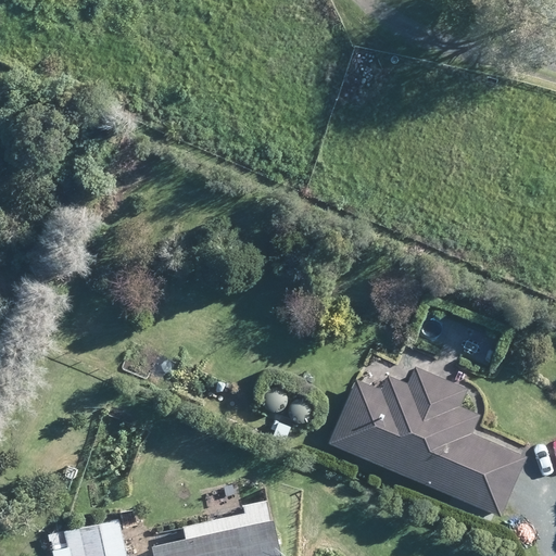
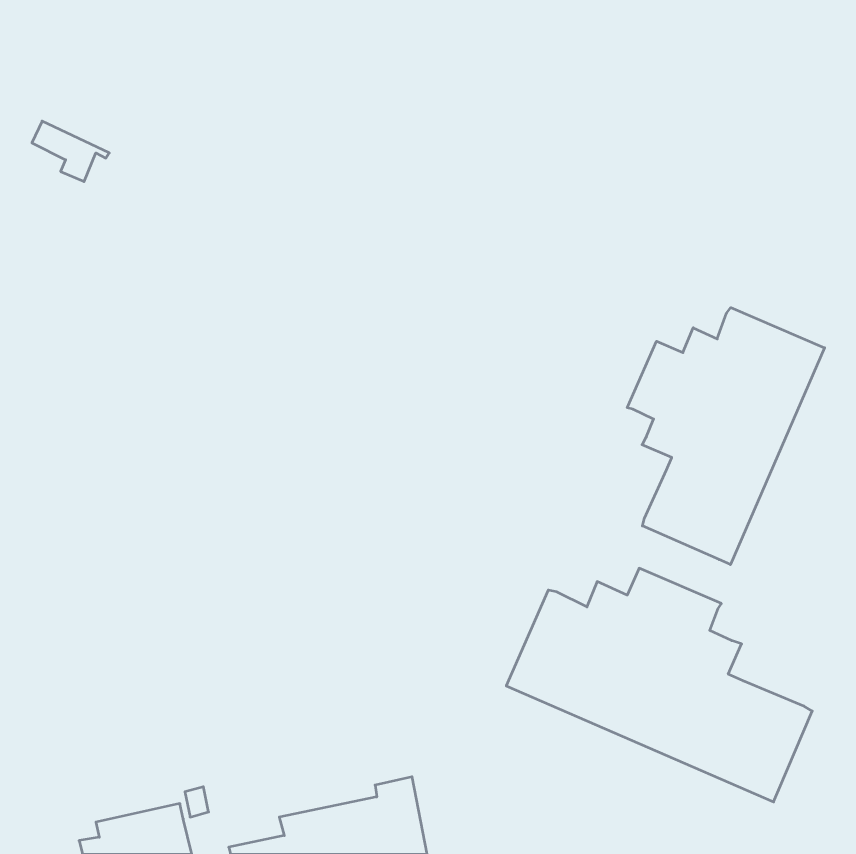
building: none -> [627,308,825,565]

